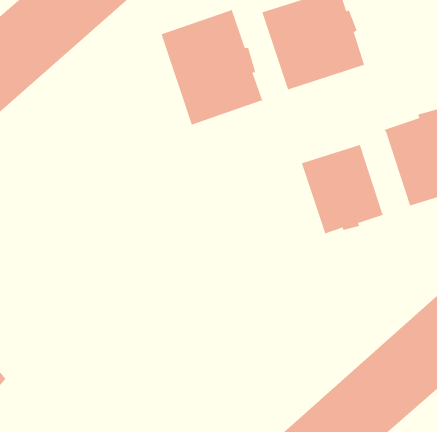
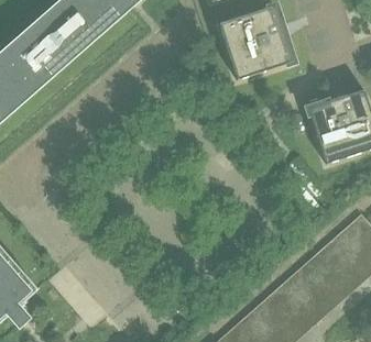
building: [161,8,263,125] -> none
building: [301,144,384,235] -> none

